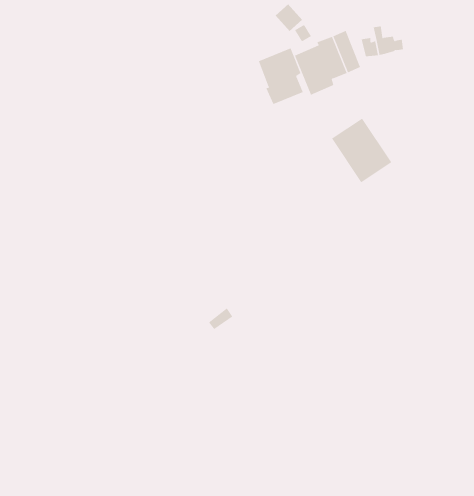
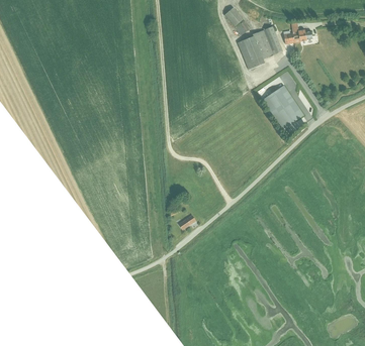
building: [258,47,303,105] -> none

